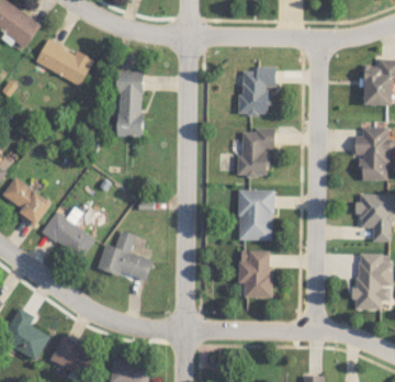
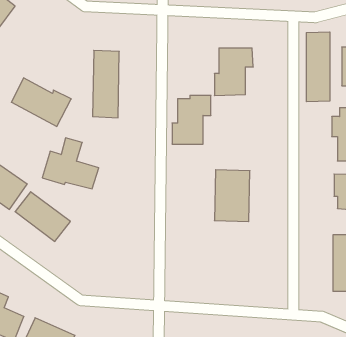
building: [34,38,93,87] -> [11,78,71,126]
building: none -> [306,32,330,102]
building: [236,128,274,177] -> [172,95,211,144]
building: [95,229,151,280] -> [42,138,99,189]
building: [238,250,271,296] -> none

